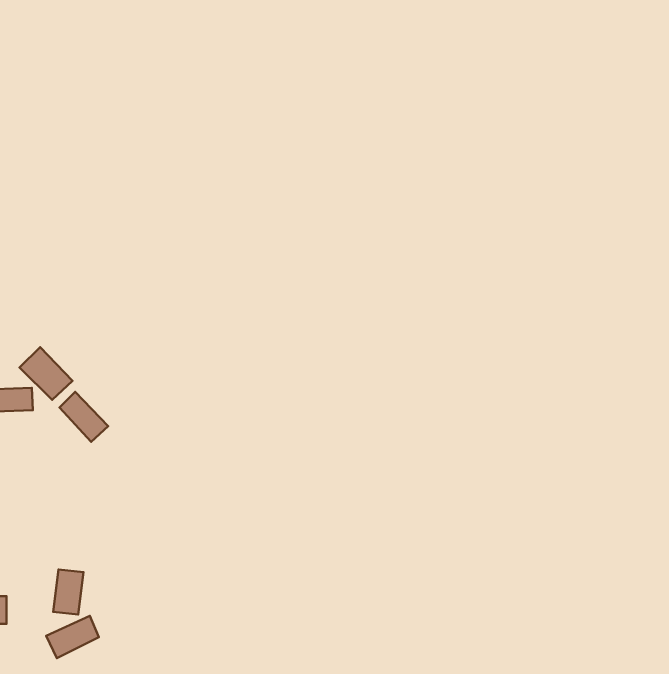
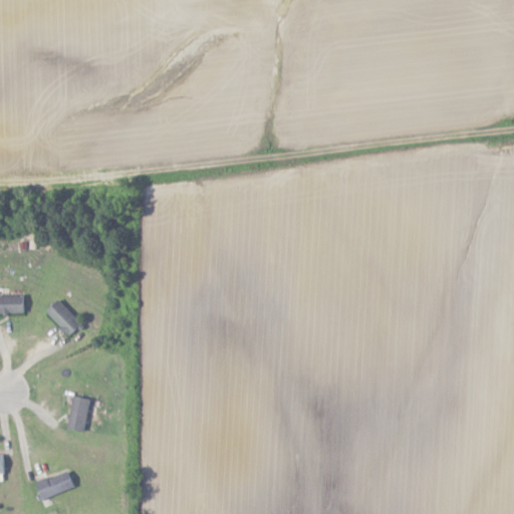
building: [19,347,73,400] -> none
building: [53,570,84,614] -> [66,397,89,431]

